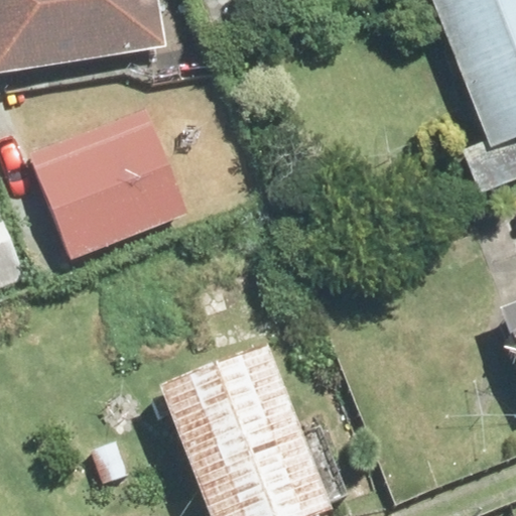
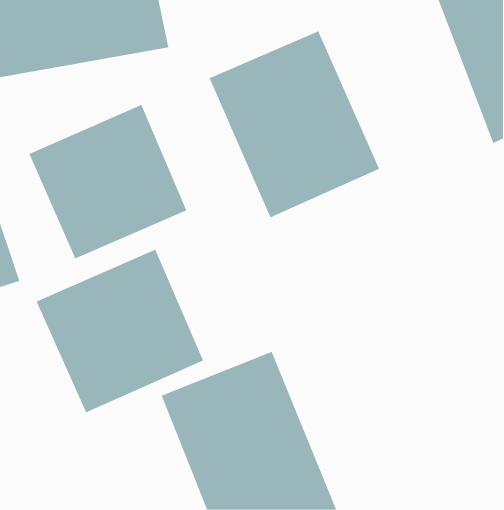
building: none -> [209,30,380,218]
building: none -> [36,249,204,413]

